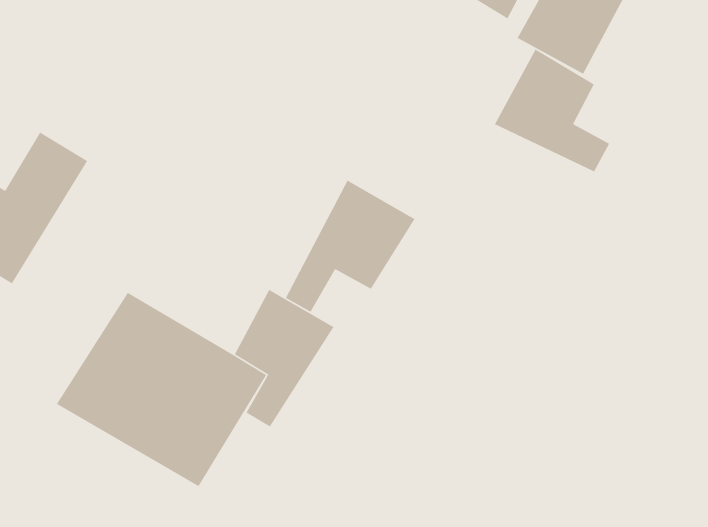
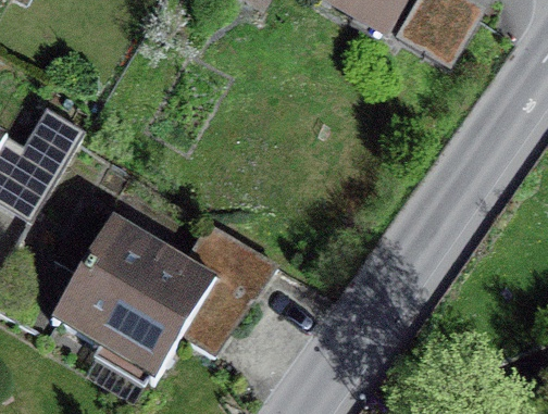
building: [494,48,610,172] -> none
building: [285,179,415,313] -> none

